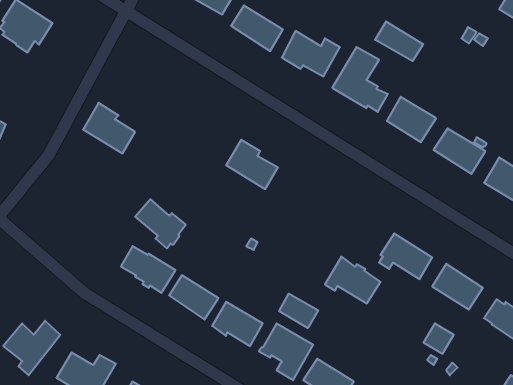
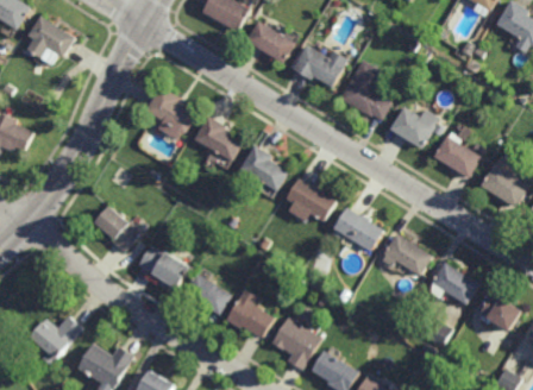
building: [375,21,423,61] -> none
building: [83,103,135,153] -> [148,86,196,133]
building: none -> [195,115,240,159]
building: none -> [286,178,334,222]
building: [135,199,186,248] -> [95,207,143,253]
building: [325,257,381,303] -> [331,208,383,252]
building: [279,294,318,328] -> none

